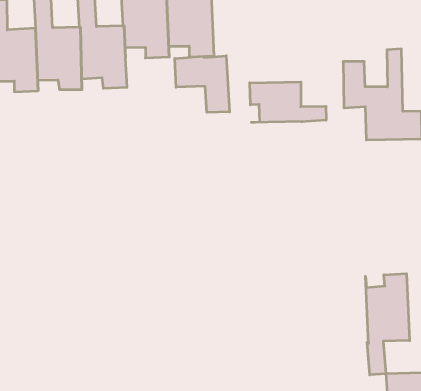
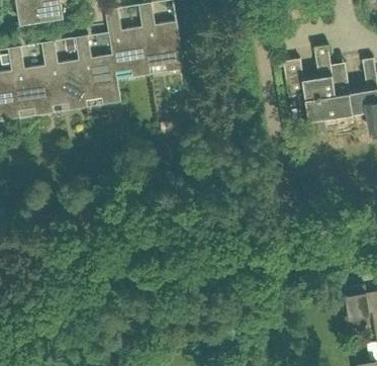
building: [175,56,230,112] -> none
building: [250,82,326,122] -> none
building: [365,274,410,375] -> none

